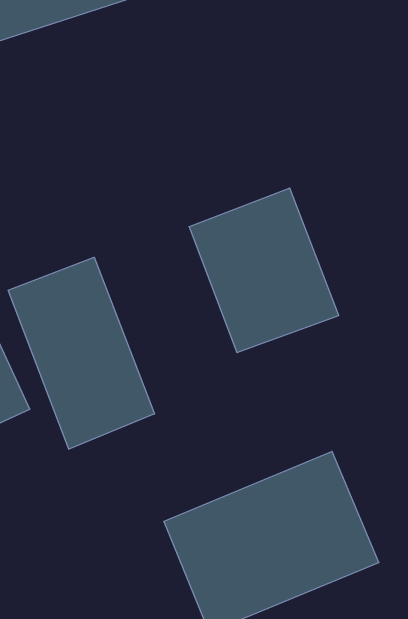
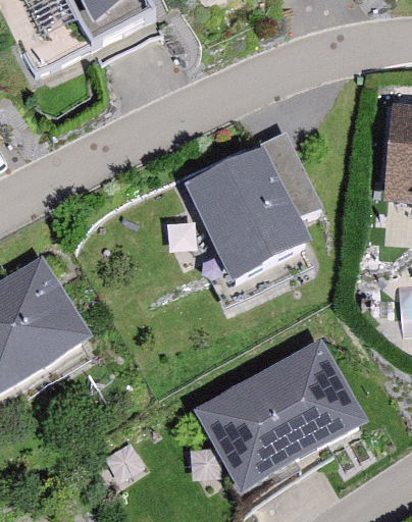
building: [8,257,155,449] -> none

